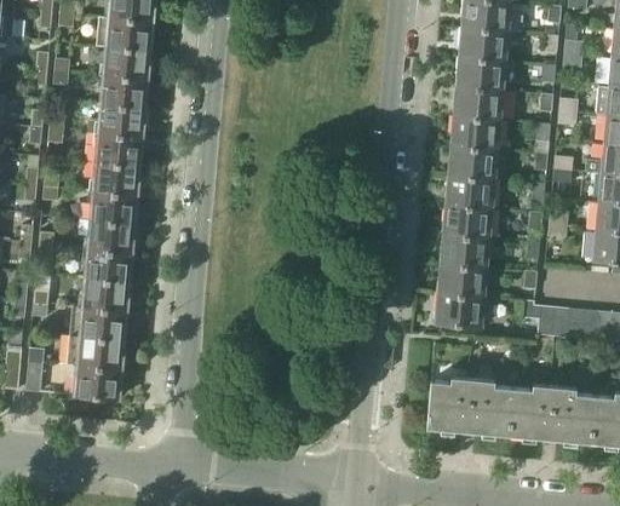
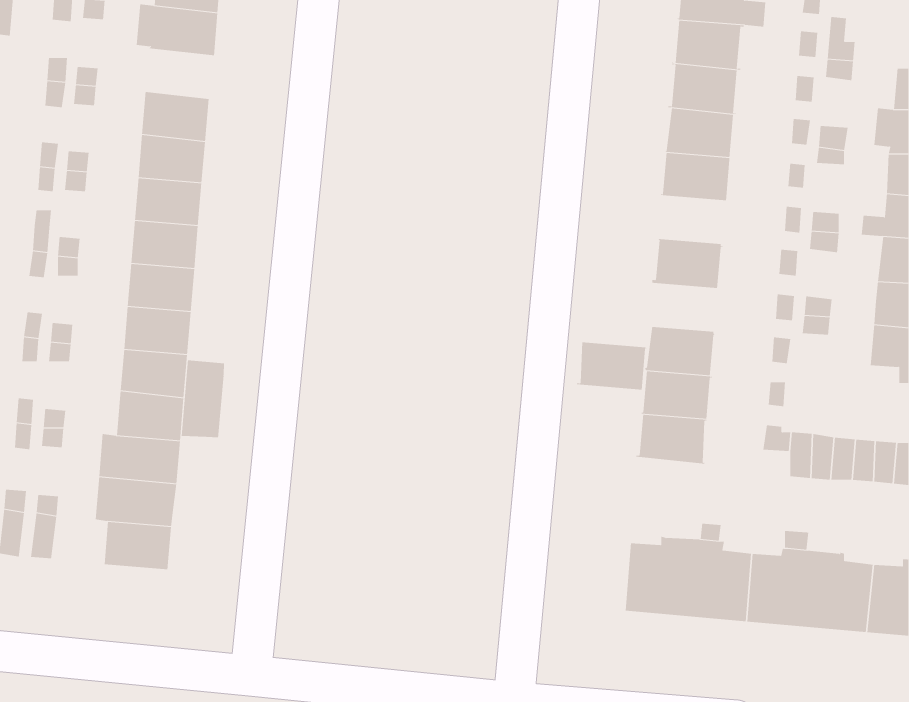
building: [102,47,149,81] -> none
building: [448,146,496,179] -> none
building: [442,206,490,238] -> [576,342,648,390]
building: none -> [181,360,225,438]

